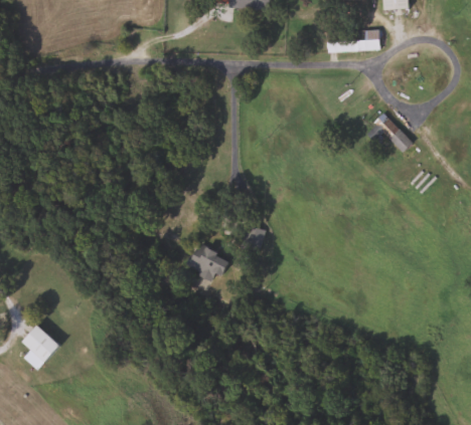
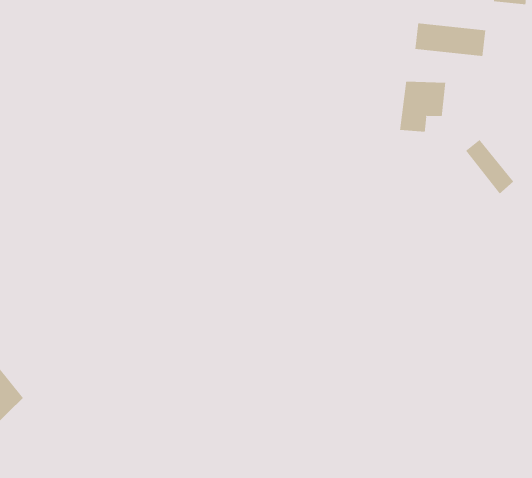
building: none -> [399,81,446,133]
building: [185,246,229,279] -> none

